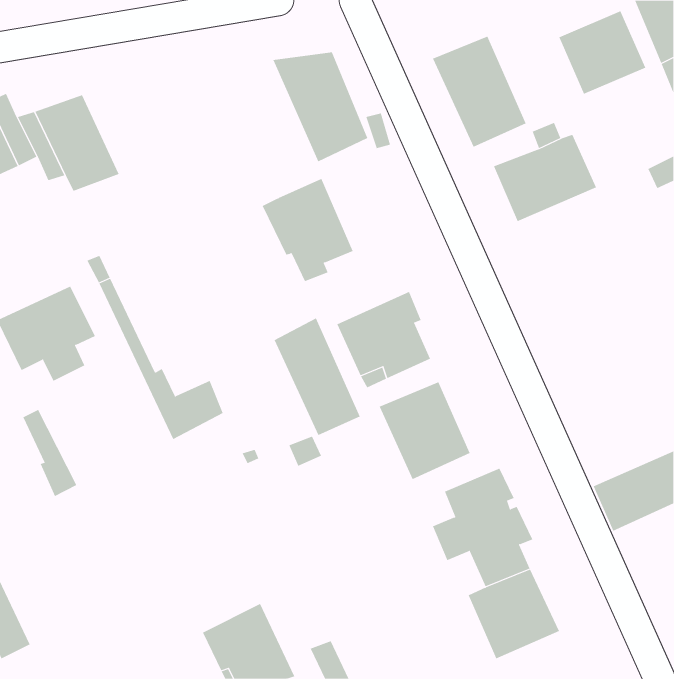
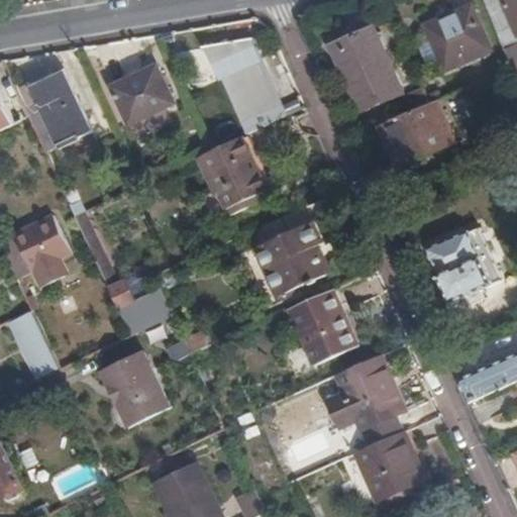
building: none -> [106,61,172,121]
building: none -> [424,227,496,303]
building: [274,318,360,436] -> none
building: none -> [102,350,170,426]

